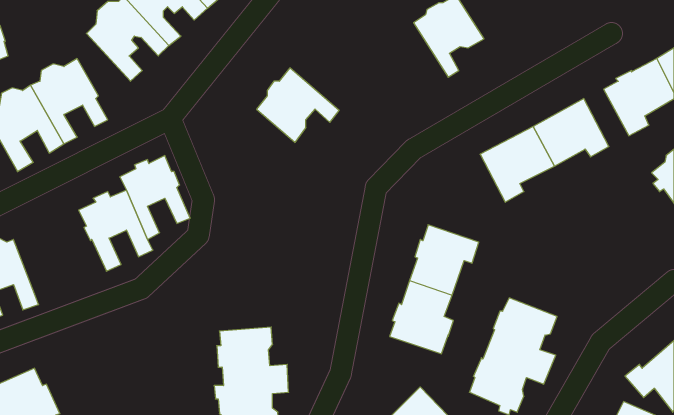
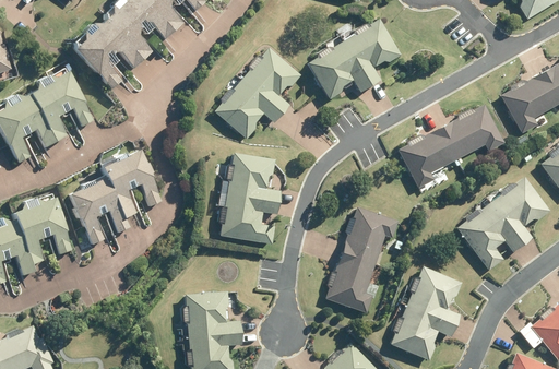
building: none -> [308,41,372,100]
building: none -> [242,48,301,114]
building: none -> [218,154,280,245]
building: none -> [456,177,549,271]
building: none -> [13,194,73,264]

